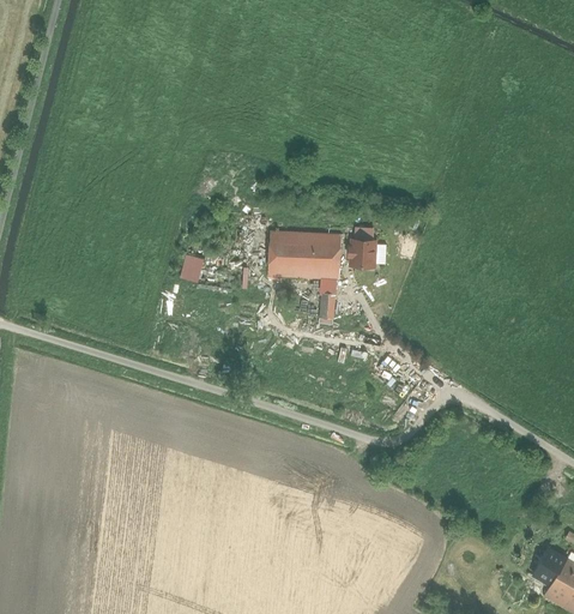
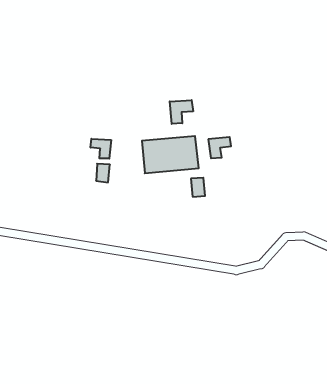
building: none -> [170,100,193,124]
building: none -> [91,139,111,159]

